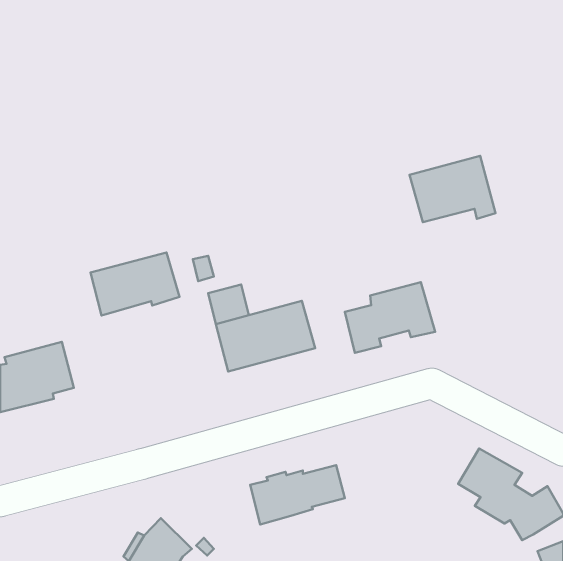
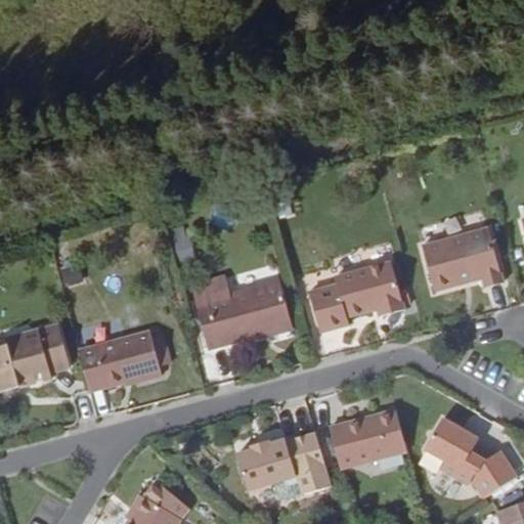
building: [410,156,496,222] -> [424,228,504,290]
building: [90,253,180,315] -> [81,325,164,384]
building: none -> [328,409,405,467]
building: none -> [270,465,325,495]

